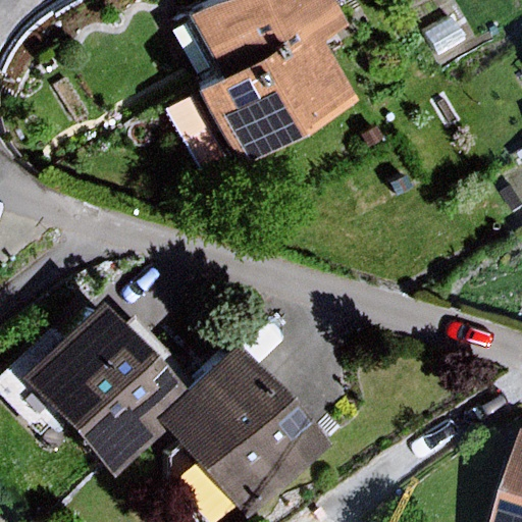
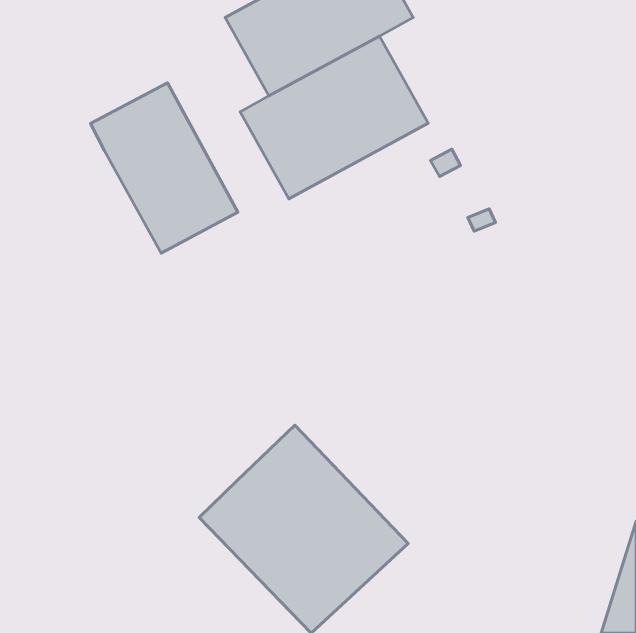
building: none -> [90,83,238,253]
building: [27,302,194,469] -> none

